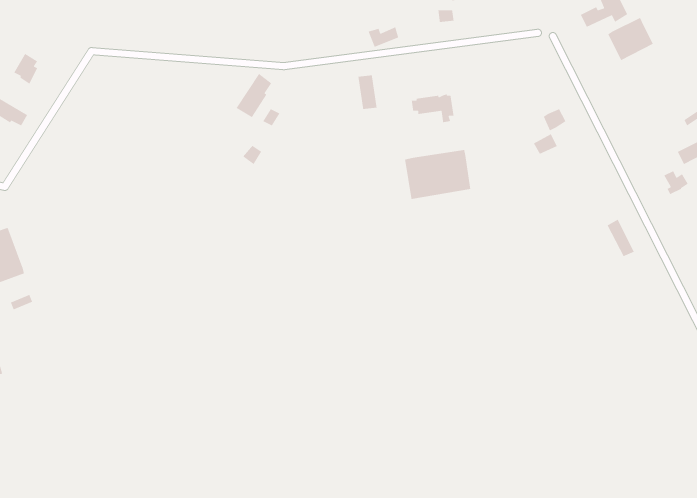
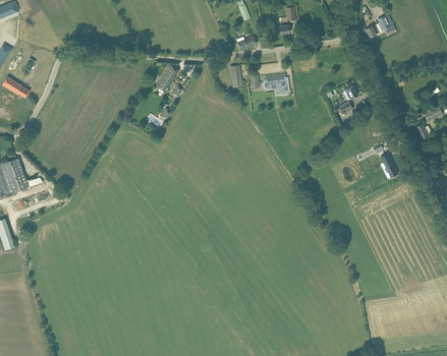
building: [607,17,654,61] -> none
building: [404,149,471,200] -> none

